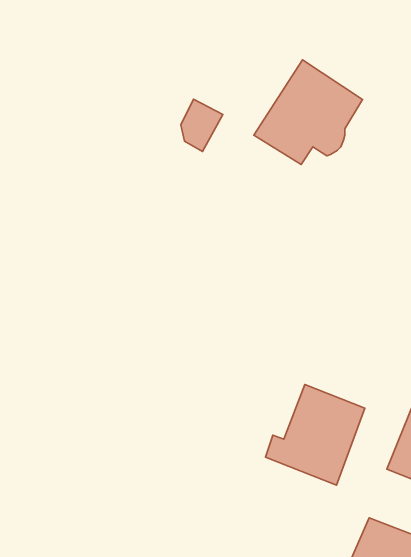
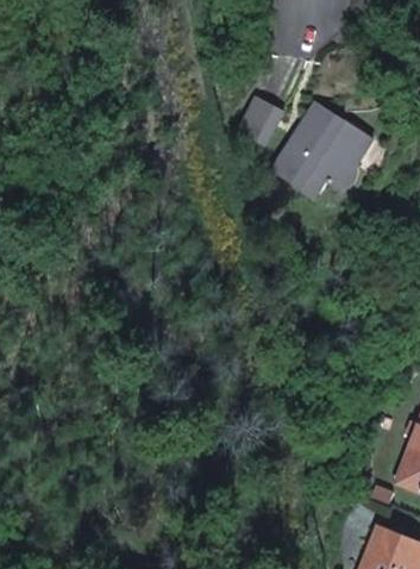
building: [181,99,223,152] -> [244,96,283,145]
building: [265,384,365,485] -> none

